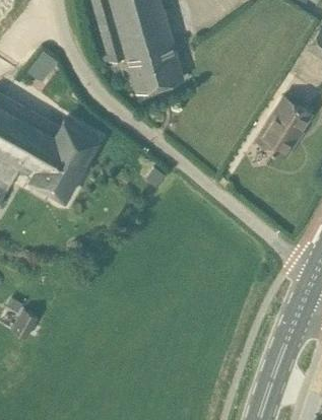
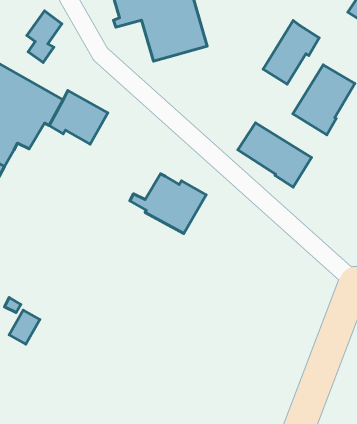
building: none -> [263,21,319,84]
building: none -> [238,123,312,187]
building: [17,148,83,200] -> [130,174,206,233]

